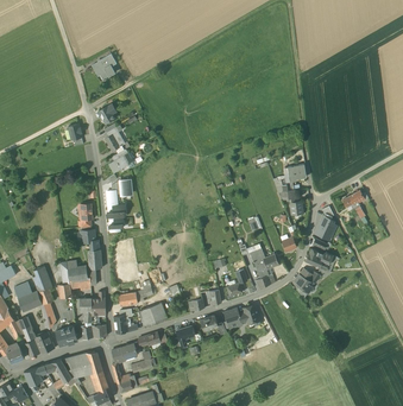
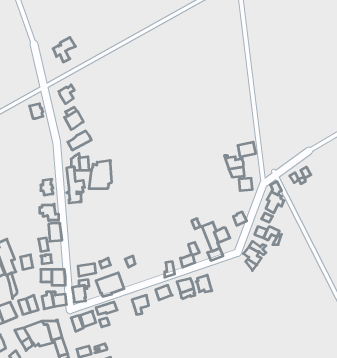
building: none -> [89,160,111,189]

